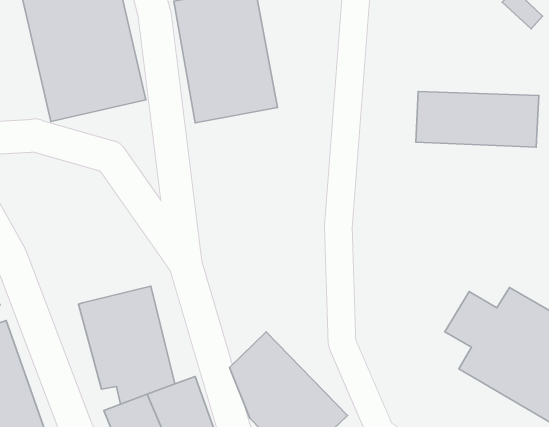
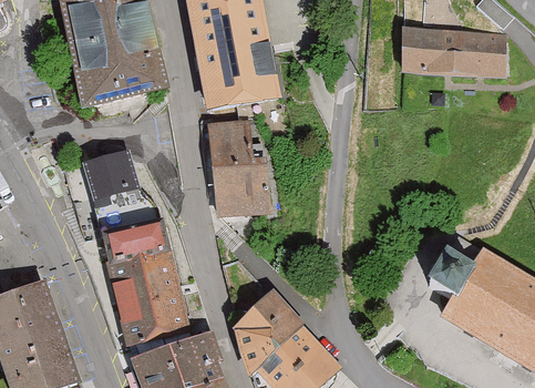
building: [416,92,539,147] -> [400,27,507,75]
building: none -> [208,119,268,213]
building: none -> [84,152,169,266]

